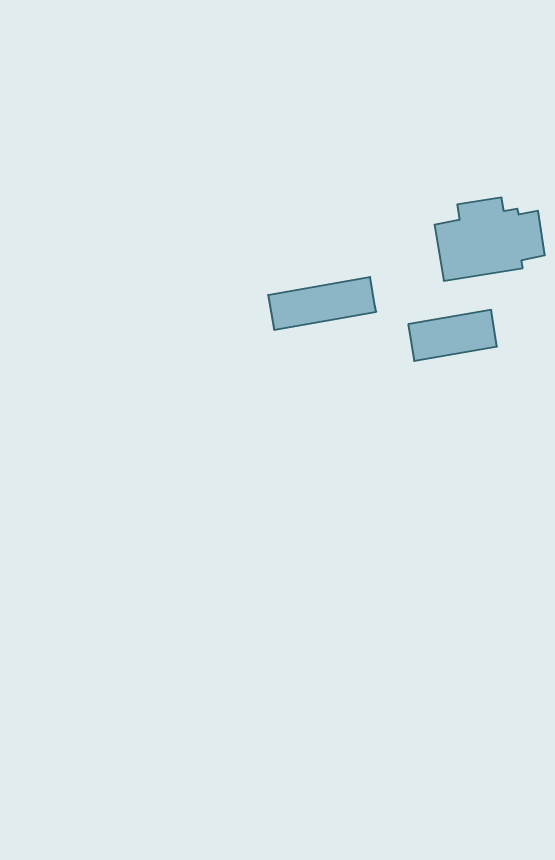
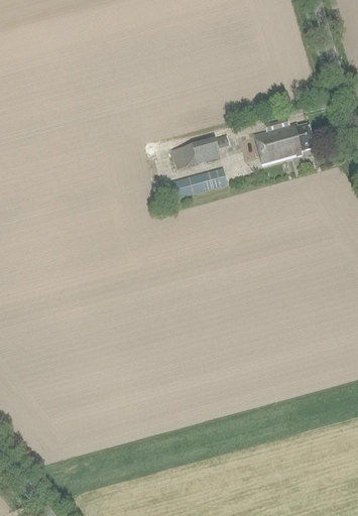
building: [408,310,497,361] -> [172,136,221,167]

